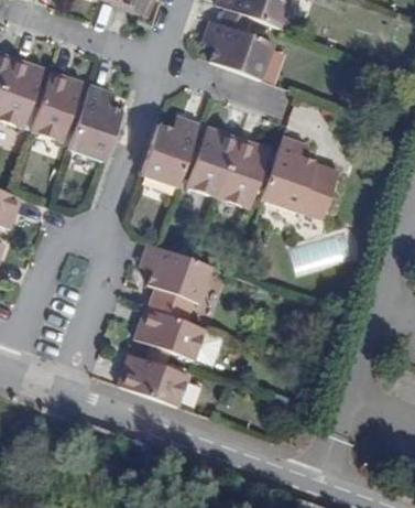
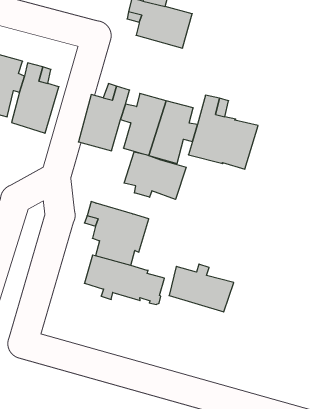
building: none -> [124,152,186,199]
building: [117,349,189,404] -> [169,264,234,312]

